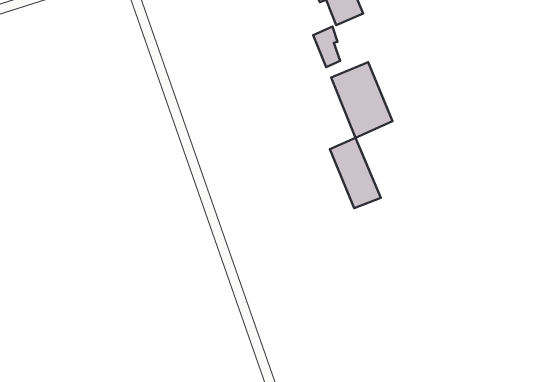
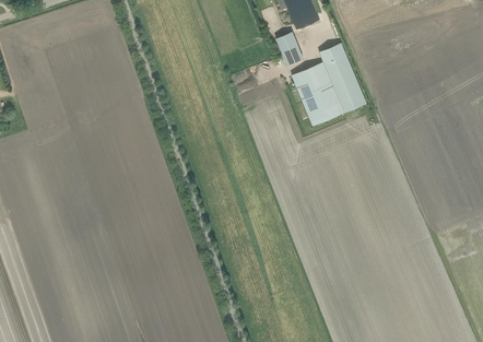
building: [330,138,381,208] -> [323,51,367,111]

